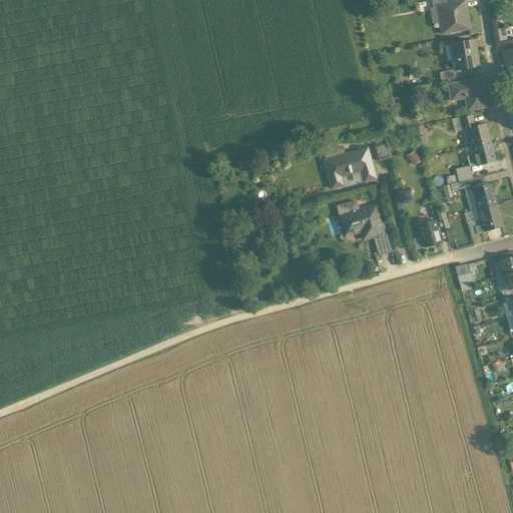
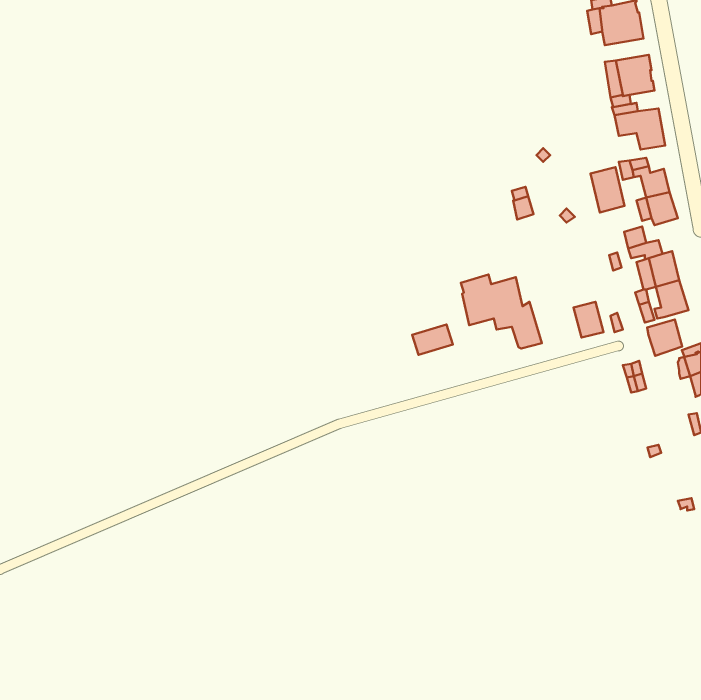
building: none -> [591,167,625,212]
building: [325,148,375,187] -> none
building: none -> [647,319,682,356]
building: none -> [412,324,453,355]

